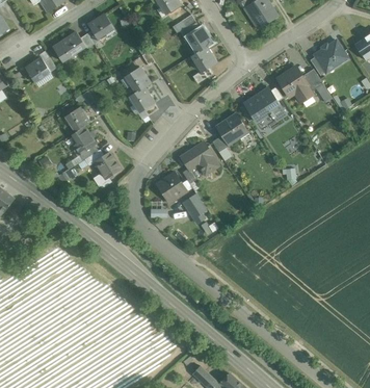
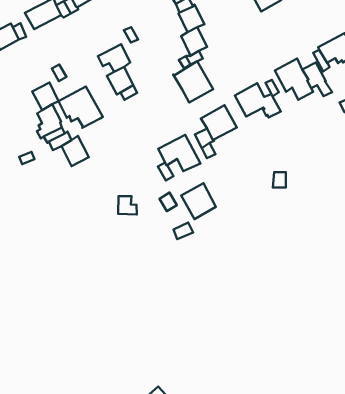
building: none -> [173,61,213,103]
building: none -> [58,87,103,128]
building: [156,171,187,203] -> [181,183,216,219]

